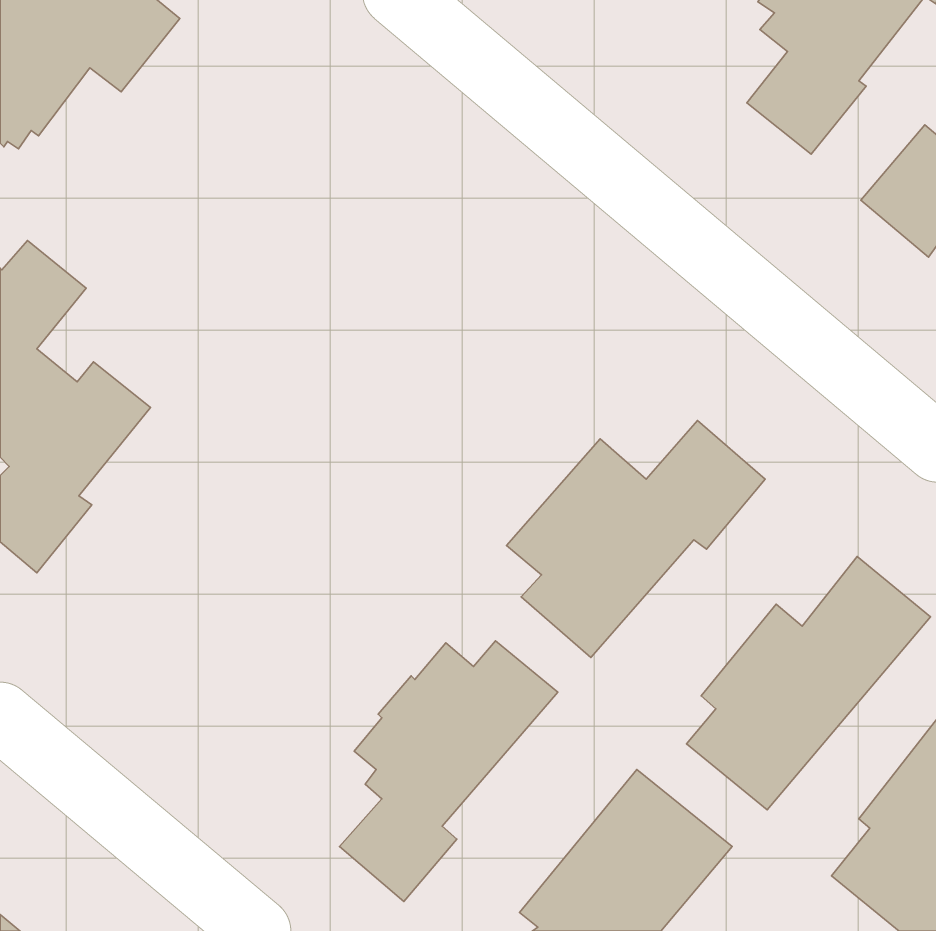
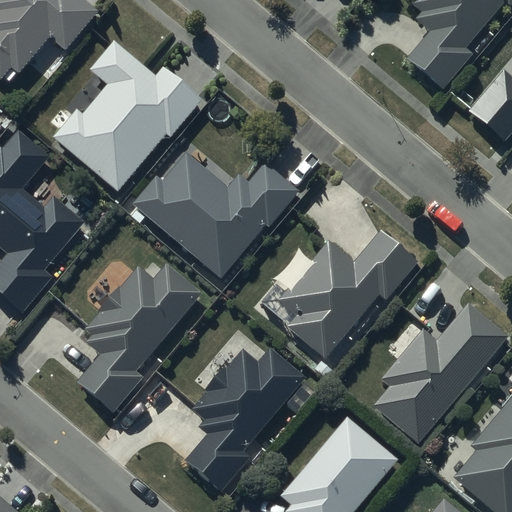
building: none -> [53,39,203,191]
building: none -> [133,153,299,279]
building: none -> [77,262,203,411]

